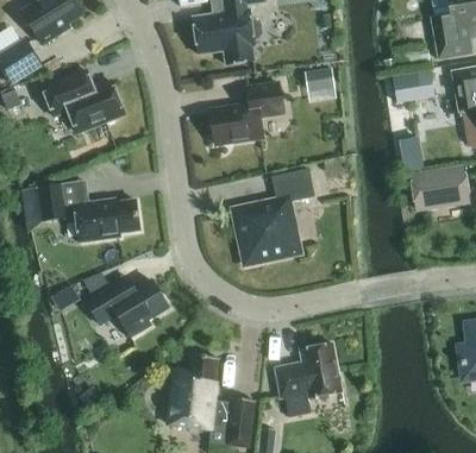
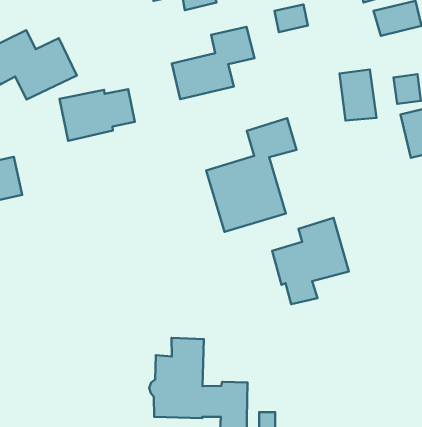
building: none -> [340,69,376,120]
building: [74,199,139,241] -> [60,89,135,141]
building: [84,275,168,335] -> none
building: [275,342,342,416] -> [272,218,349,304]

